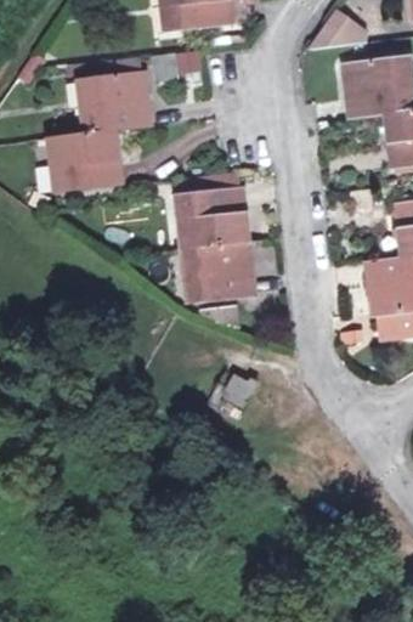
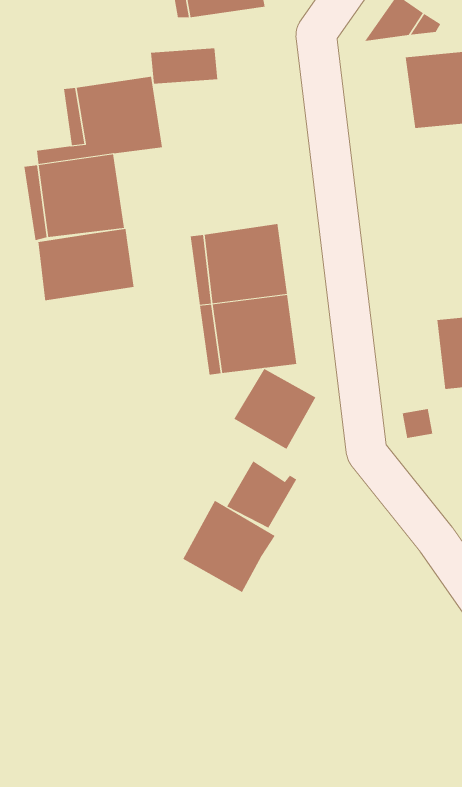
building: none -> [38,228,134,301]
building: none -> [234,368,316,450]
building: none -> [182,500,275,593]

